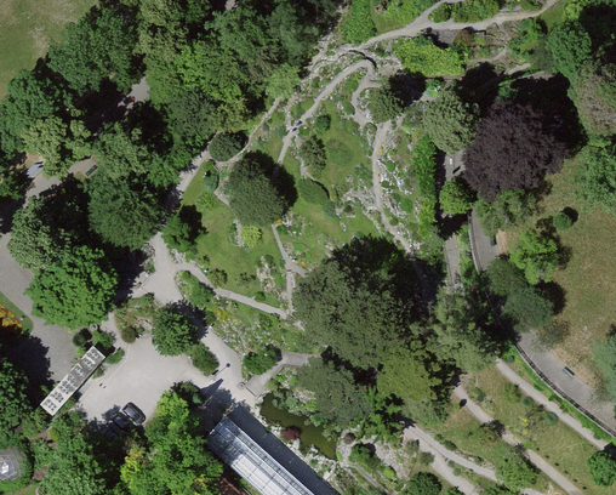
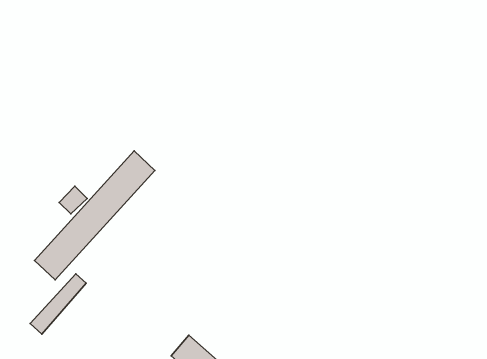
building: none -> [34,151,155,280]

